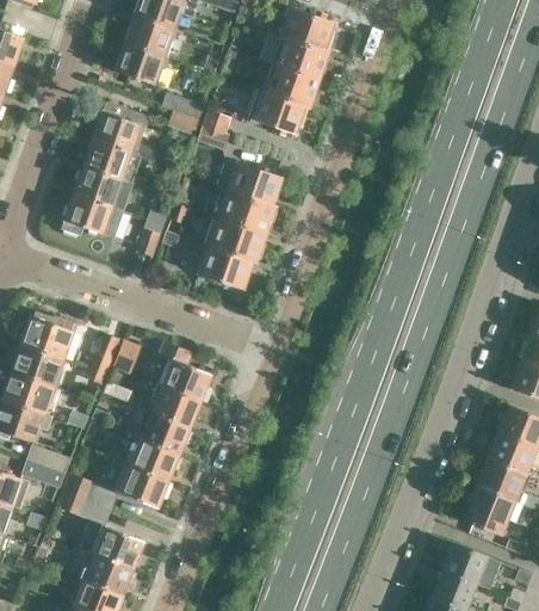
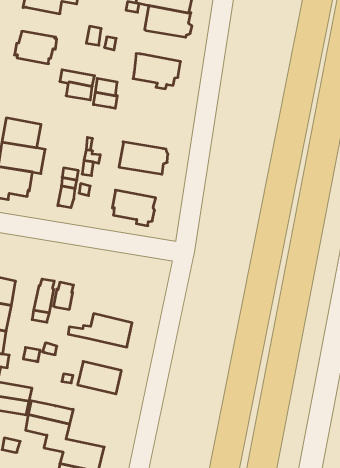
building: [124,13,176,54] -> none
building: [261,62,320,107] -> none
building: [93,111,161,161] -> none
building: [212,159,279,204] -> none
building: [206,217,264,260] -> none
building: [151,335,211,401] -> none
building: [136,411,190,455] -> none
building: [113,463,168,507] -> none

